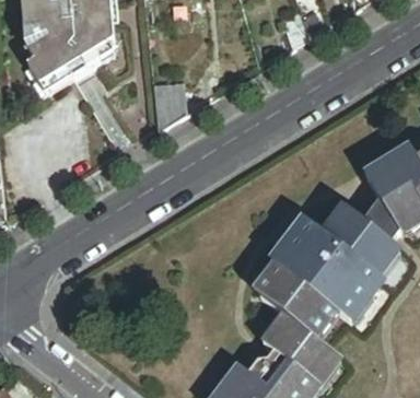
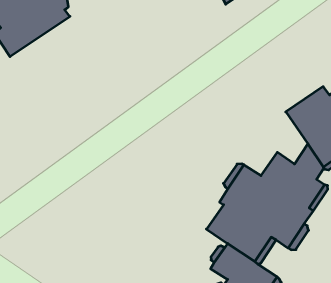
building: [154,81,187,131] -> none

